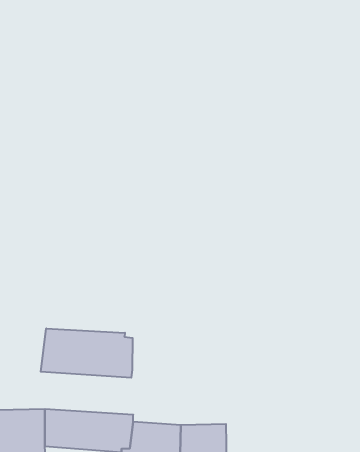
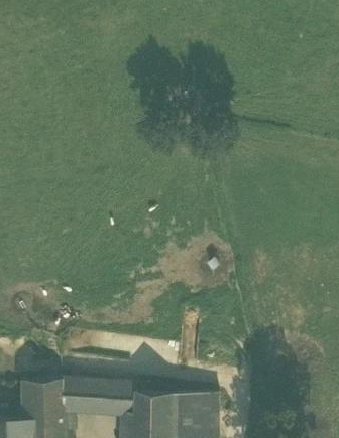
building: [41,328,133,378] -> none

